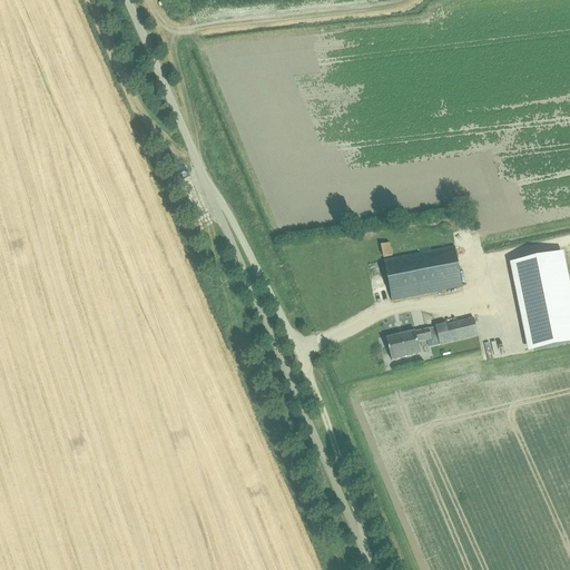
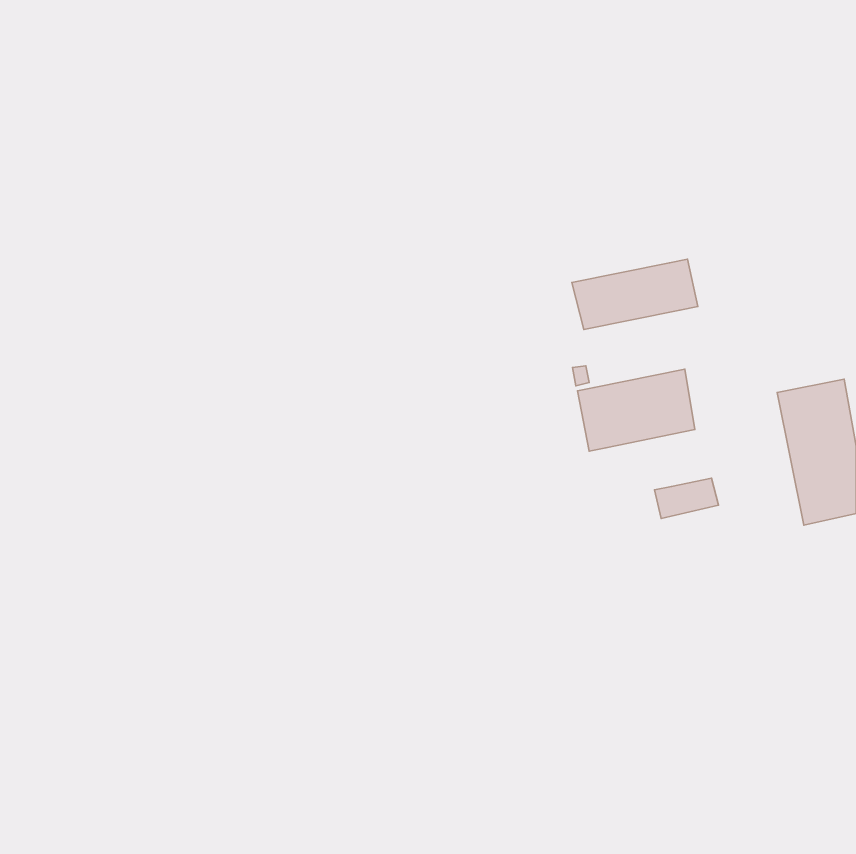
building: none -> [572,259,698,329]
building: [385,327,431,358] -> none

